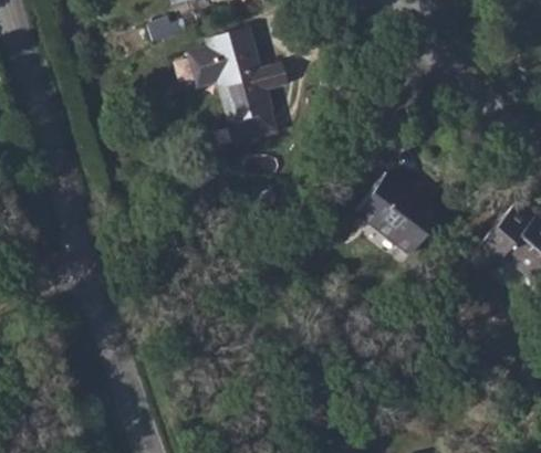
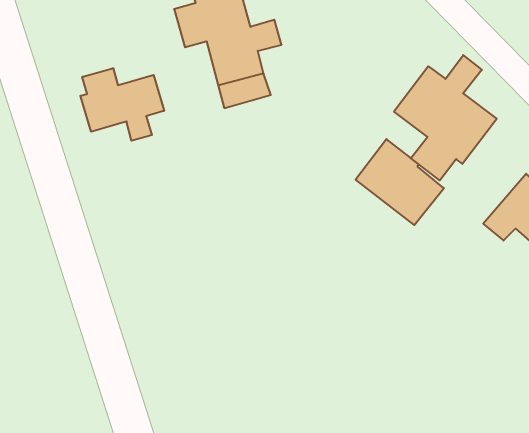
building: none -> [394,55,497,180]
building: none -> [80,68,164,141]

